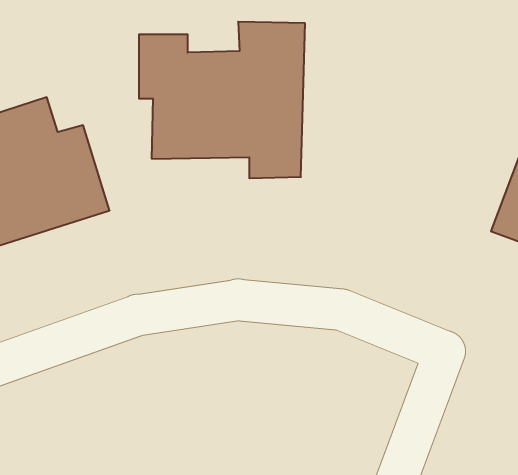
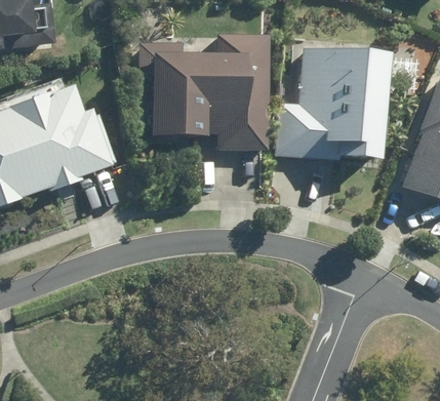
building: none -> [276,48,376,153]

